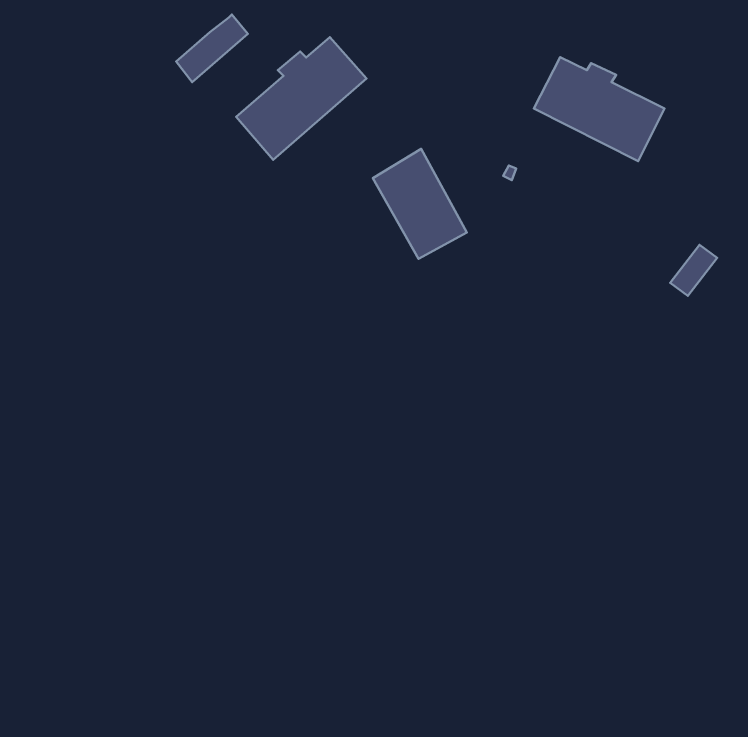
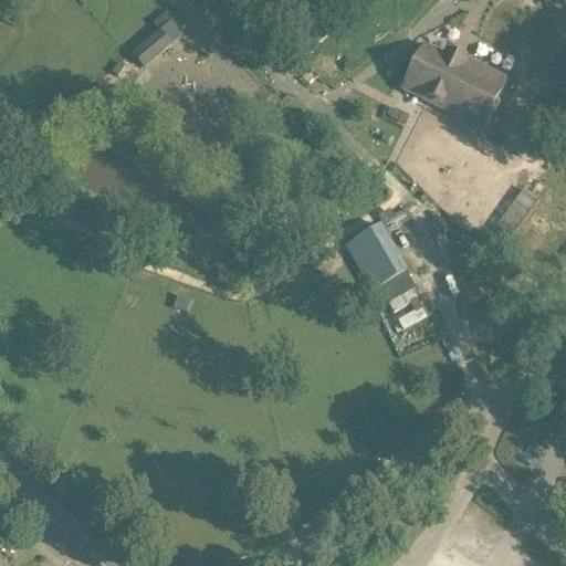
building: [236,37,367,160] -> none
building: [373,149,467,259] -> [344,219,415,302]

